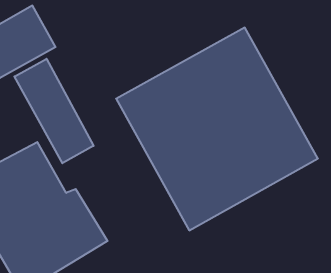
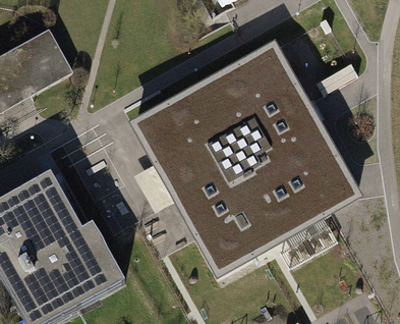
building: [14,59,94,163] -> none

